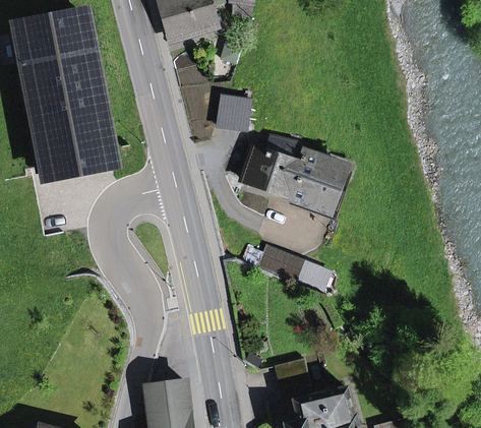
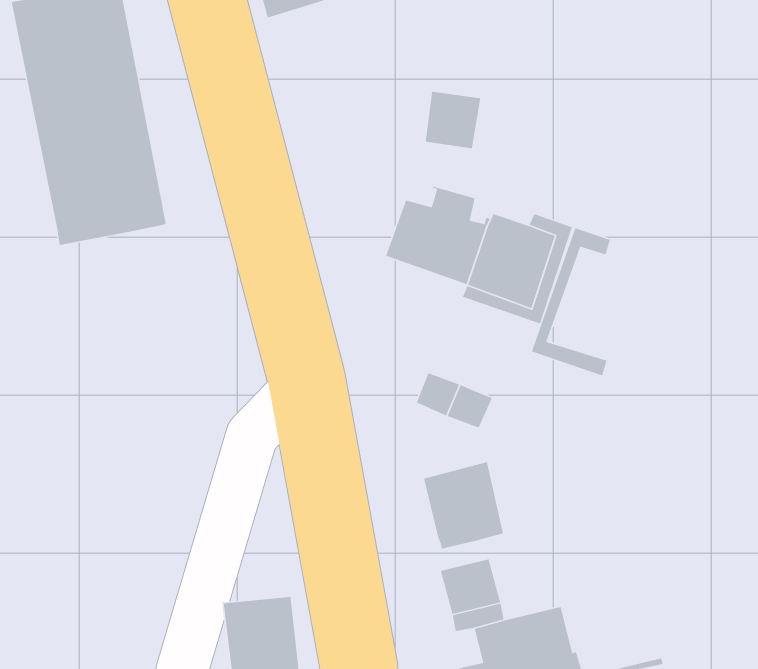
building: [217,95,250,129] -> [425,91,481,149]
building: none -> [531,227,611,376]
building: none -> [423,461,504,550]

